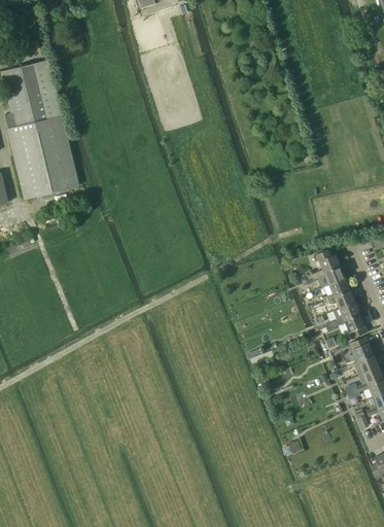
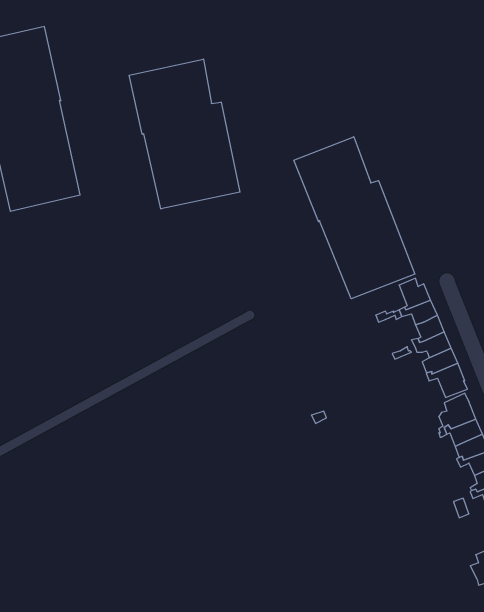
building: none -> [129,59,240,209]
building: none -> [294,137,415,299]

